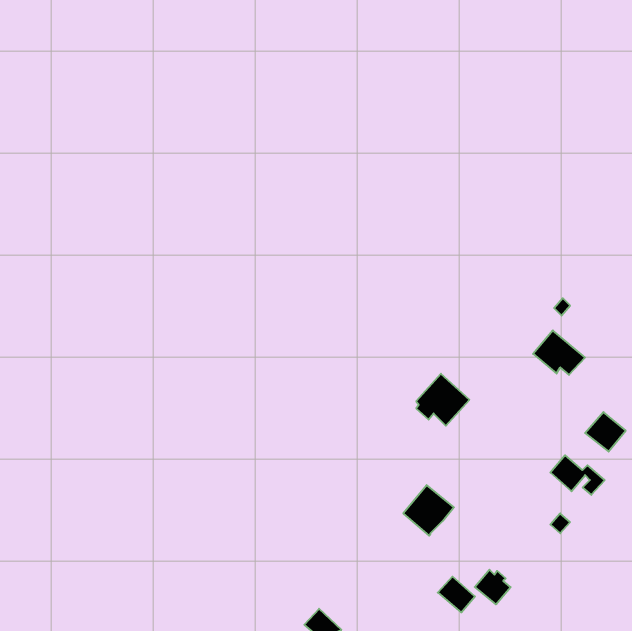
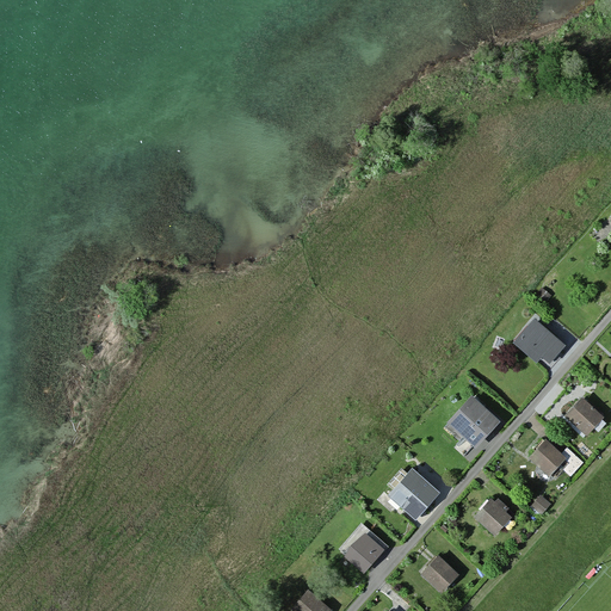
building: [416,374,469,426] -> [449,393,500,443]
building: none -> [342,524,387,568]
building: [475,570,511,604] -> [476,500,511,533]

